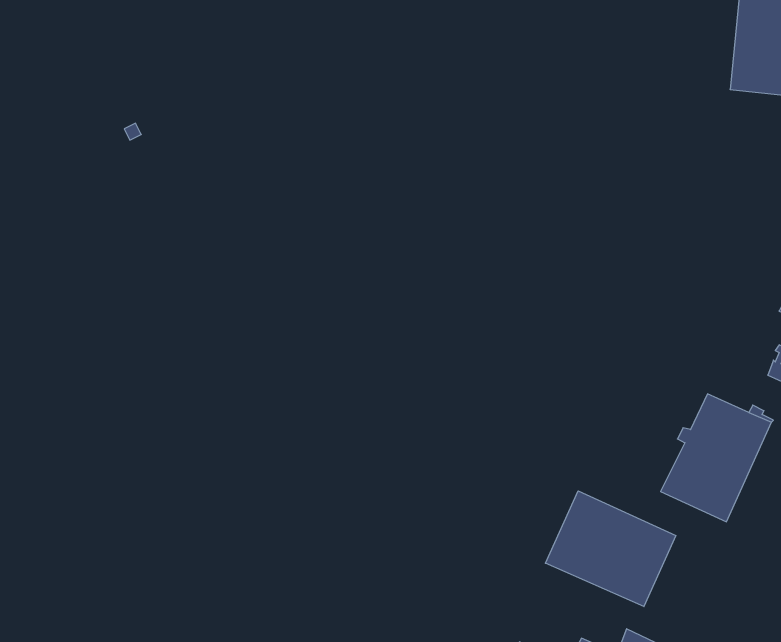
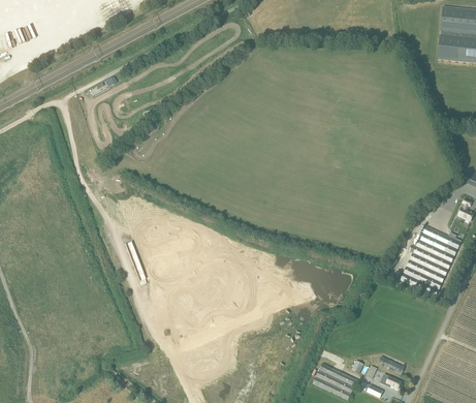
building: [545,491,676,607] -> none

